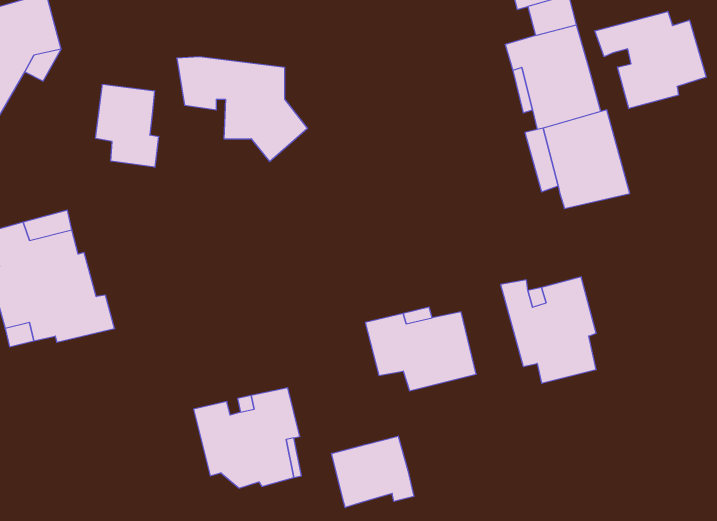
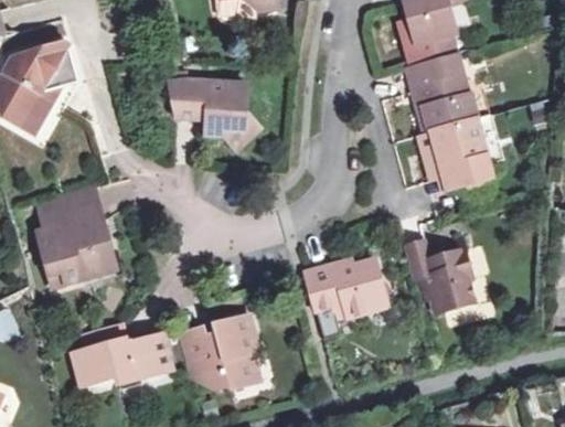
building: [595,11,706,109] -> none
building: [96,84,159,167] -> none
building: none -> [72,322,170,385]
building: [331,436,414,508] -> none

